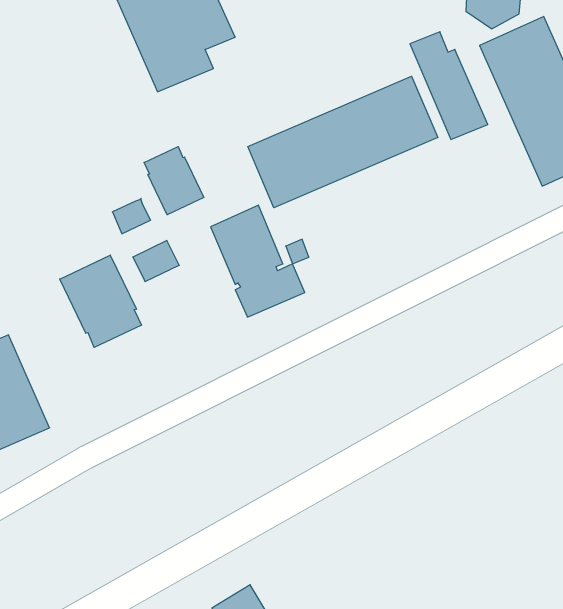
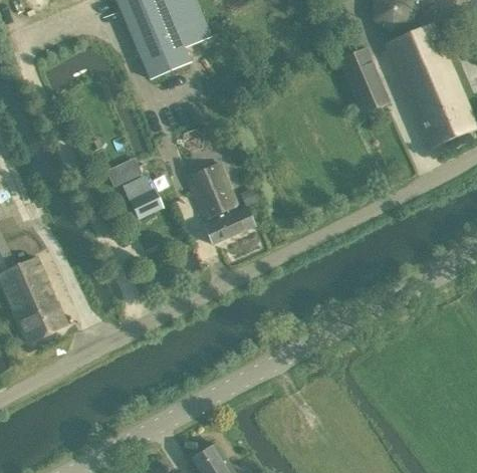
building: [248,76,438,208] -> none
building: [144,147,204,215] -> none
building: [60,255,141,347] -> none

